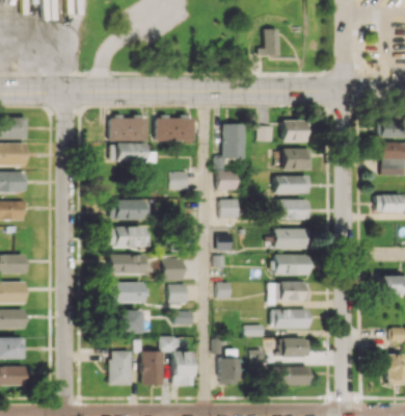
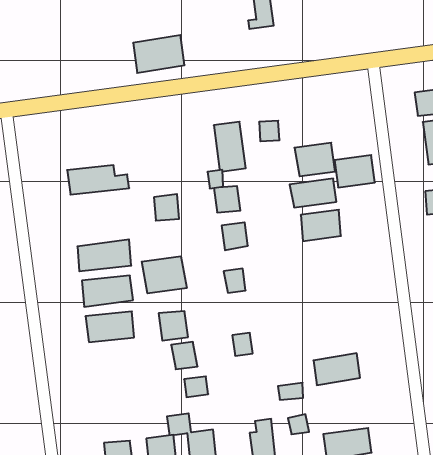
building: [110,118,146,140] -> none
building: [156,118,192,141] -> [133,35,185,73]
building: [282,121,310,141] -> [334,155,375,187]
building: none -> [142,256,187,293]
building: [275,229,310,249] -> none
building: [275,255,309,276] -> none
building: [107,282,143,302] -> none
building: [269,282,309,302] -> none
building: [113,311,143,333] -> none
building: [281,338,308,357] -> none

